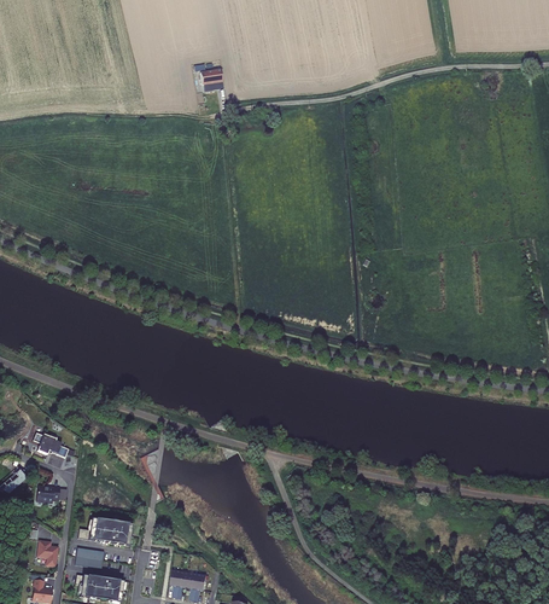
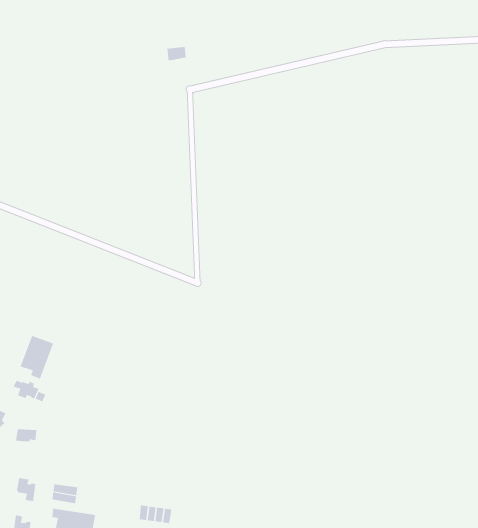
building: none -> [20,335,54,379]
building: [77,518,132,546] -> none

